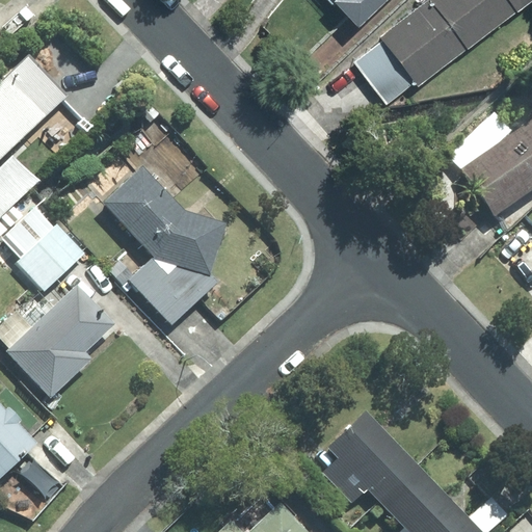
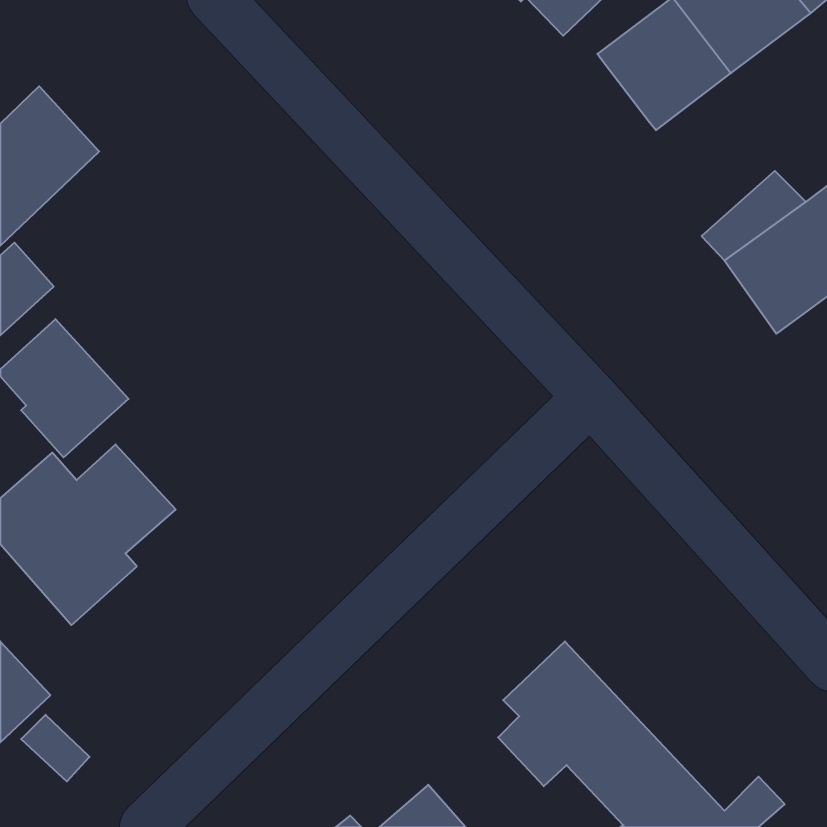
building: [358,37,418,100] -> none
building: [102,167,228,327] -> none

